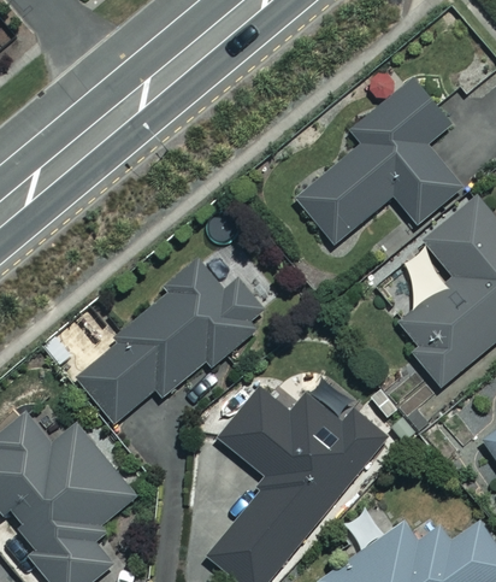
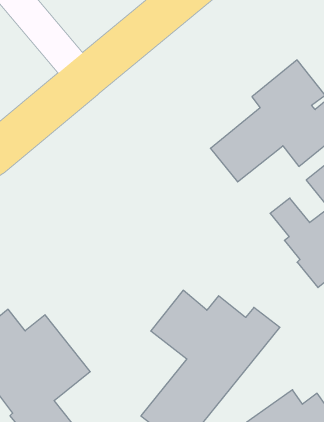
building: [78,264,262,422] -> none

